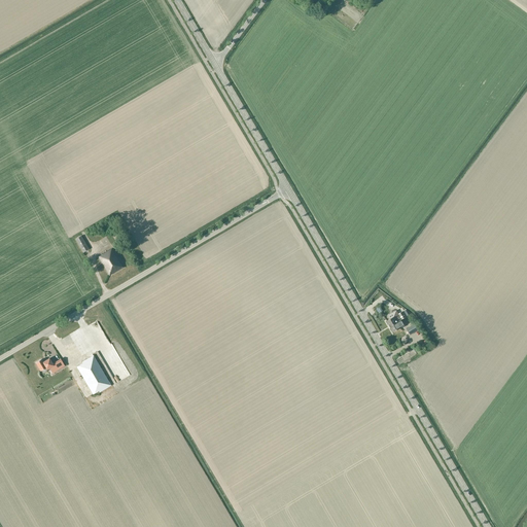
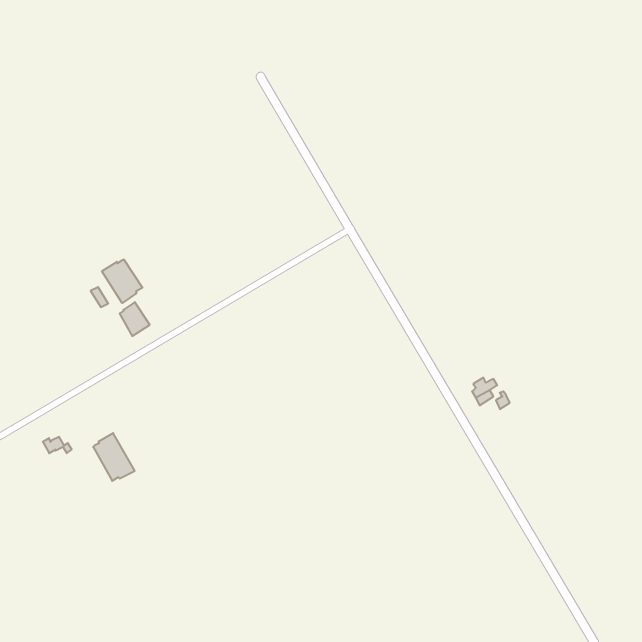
building: none -> [102,259,142,303]

